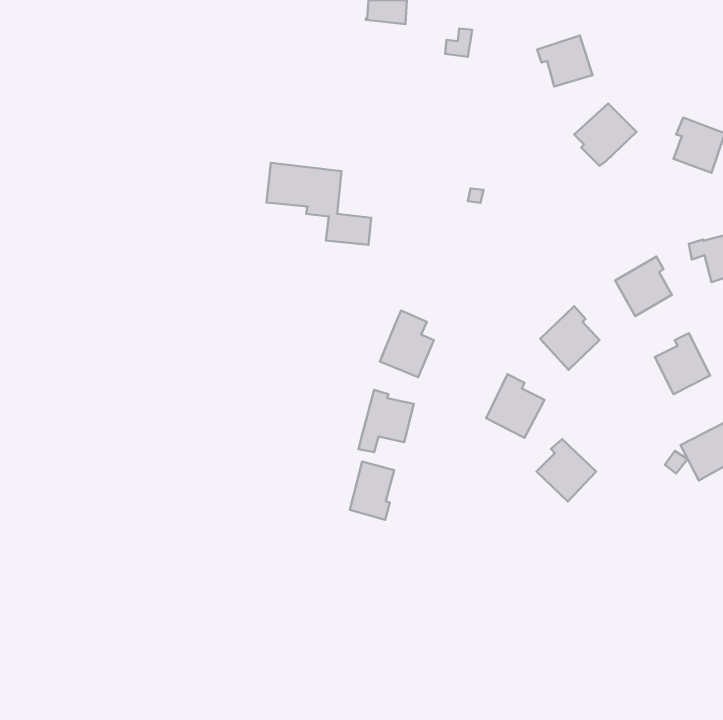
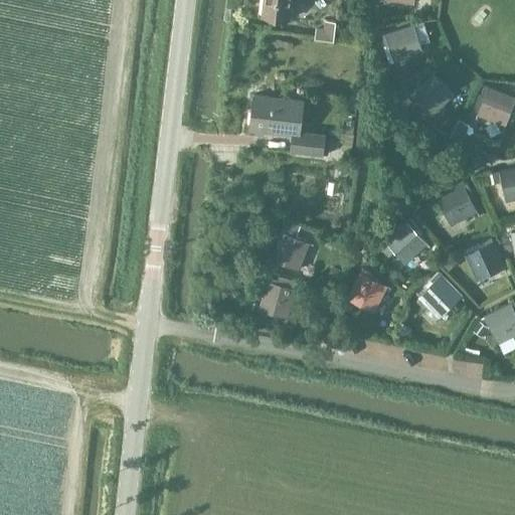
building: [266,163,371,245] -> [249,96,324,154]
building: [536,439,596,501] -> [418,276,461,320]
building: [350,462,394,520] -> none

